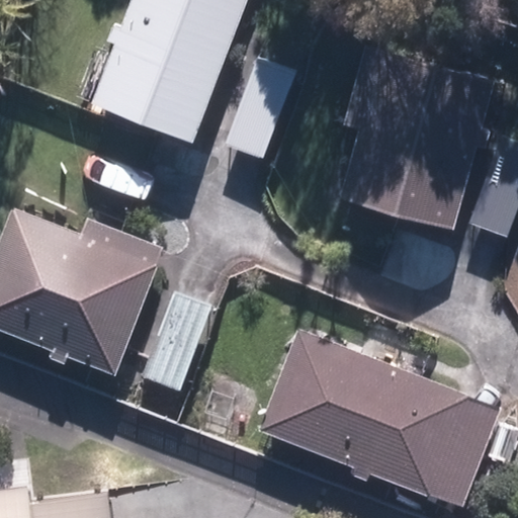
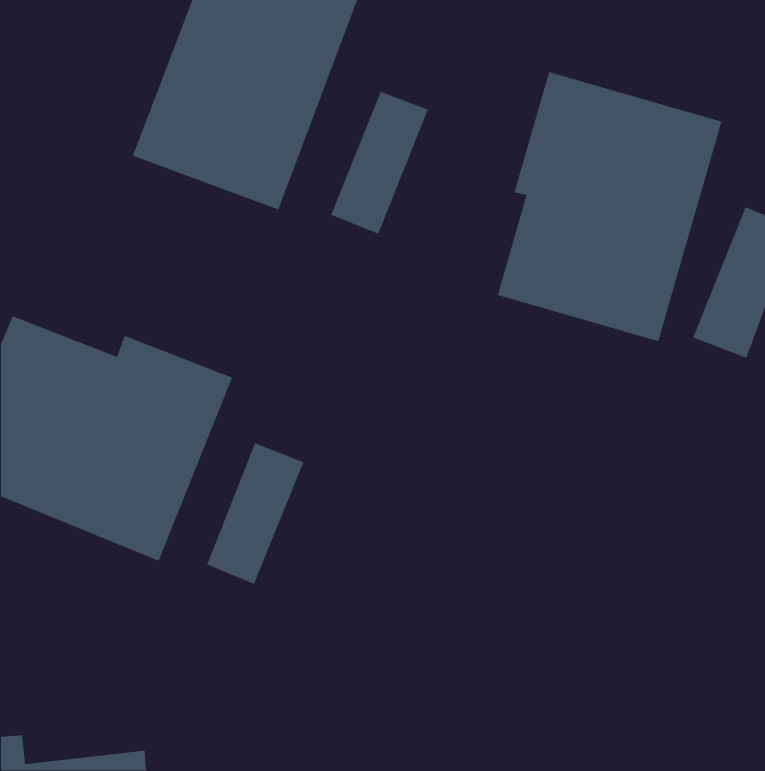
building: [262,333,500,502] -> none

